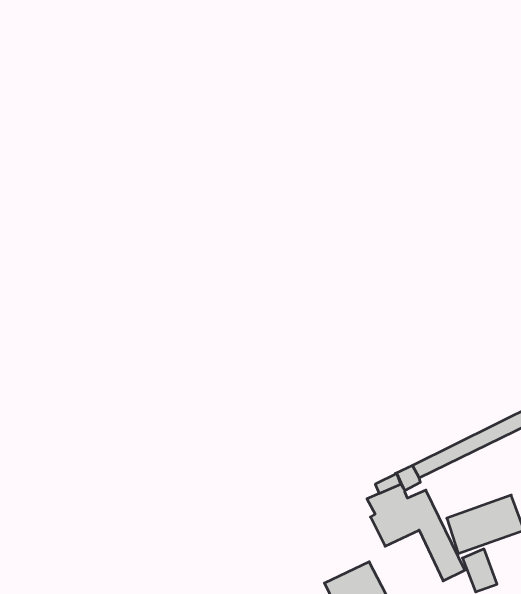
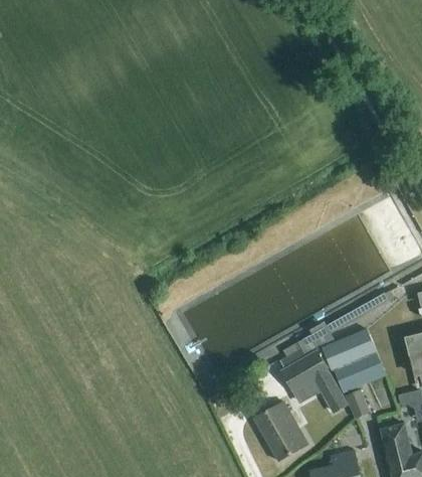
building: none -> [320,328,375,371]

